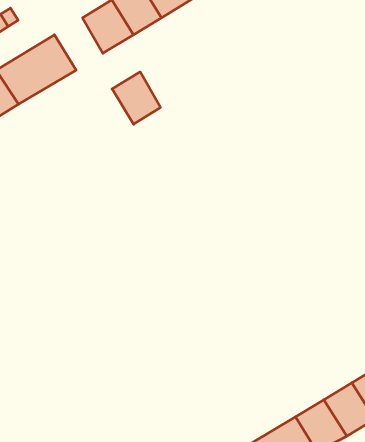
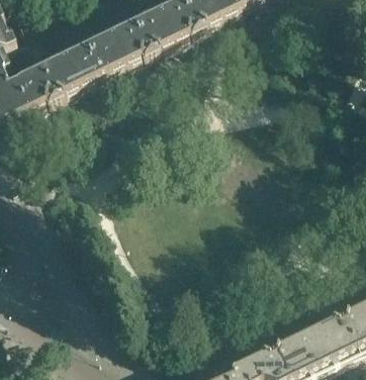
building: [112,72,160,124] -> [112,22,149,63]

